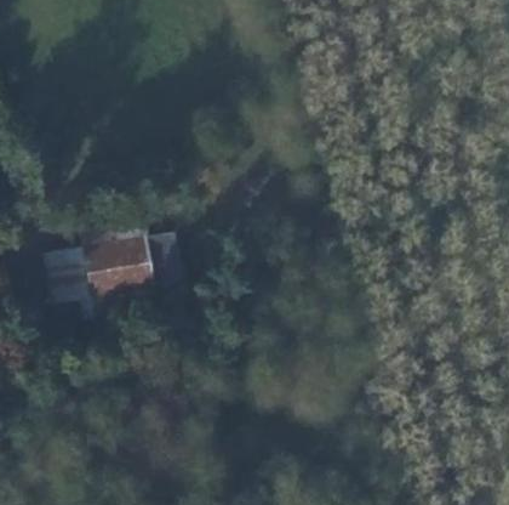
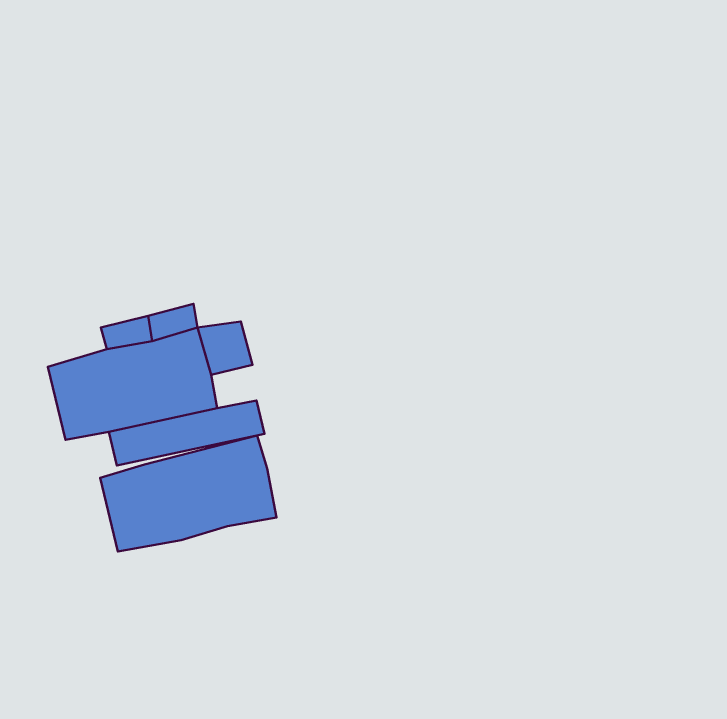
building: none -> [100,435,276,552]

